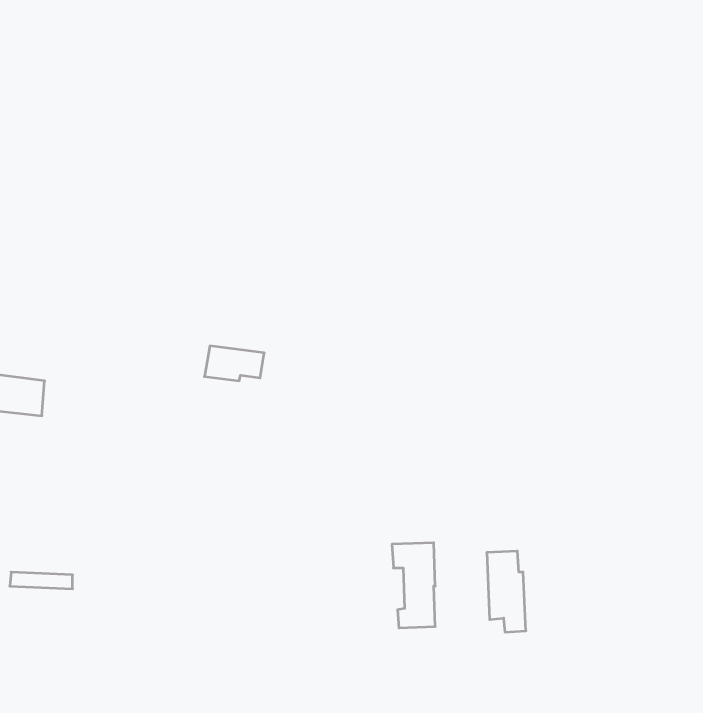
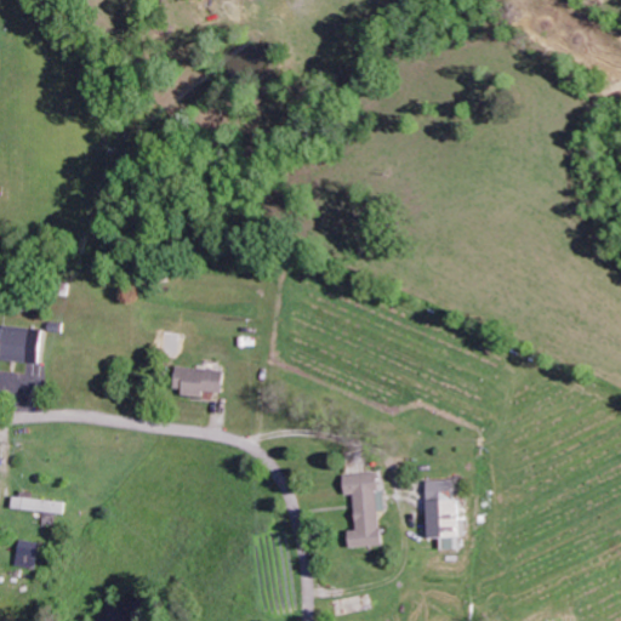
building: [204,346,264,381] -> [171,365,223,395]
building: none -> [11,539,38,570]

